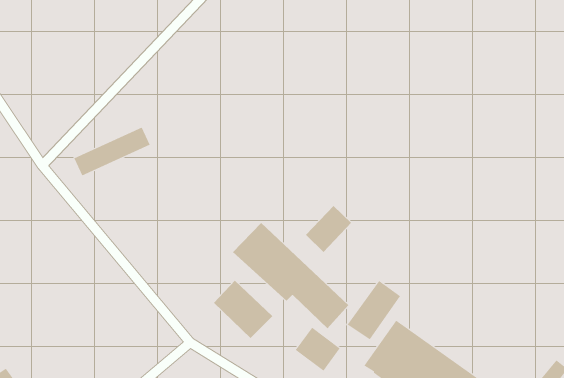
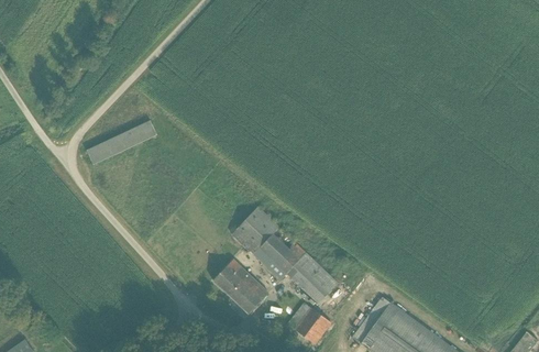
building: [305,205,352,253] -> none
building: [347,280,401,340] -> none

